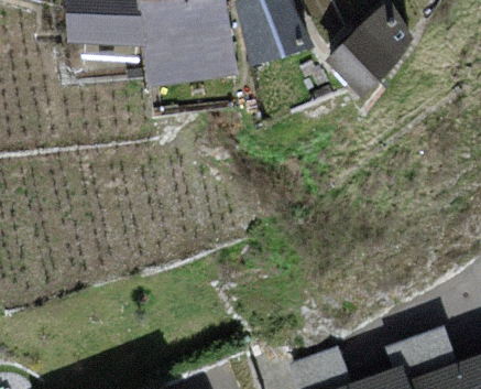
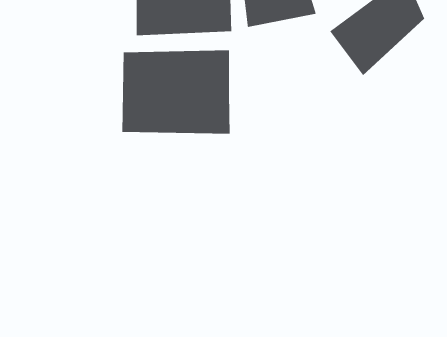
building: none -> [121,50,231,135]

